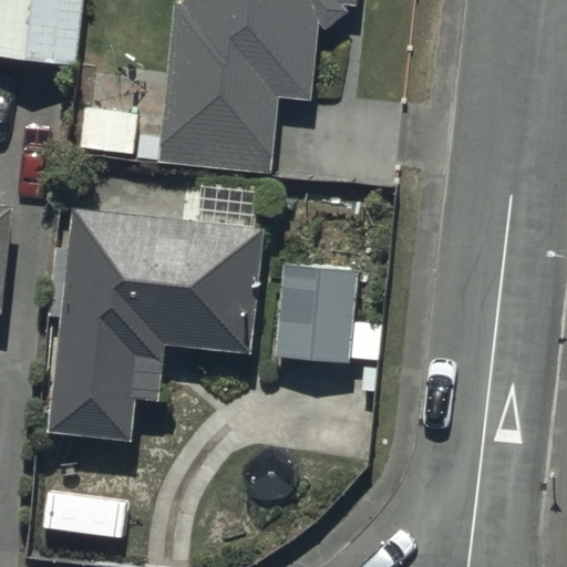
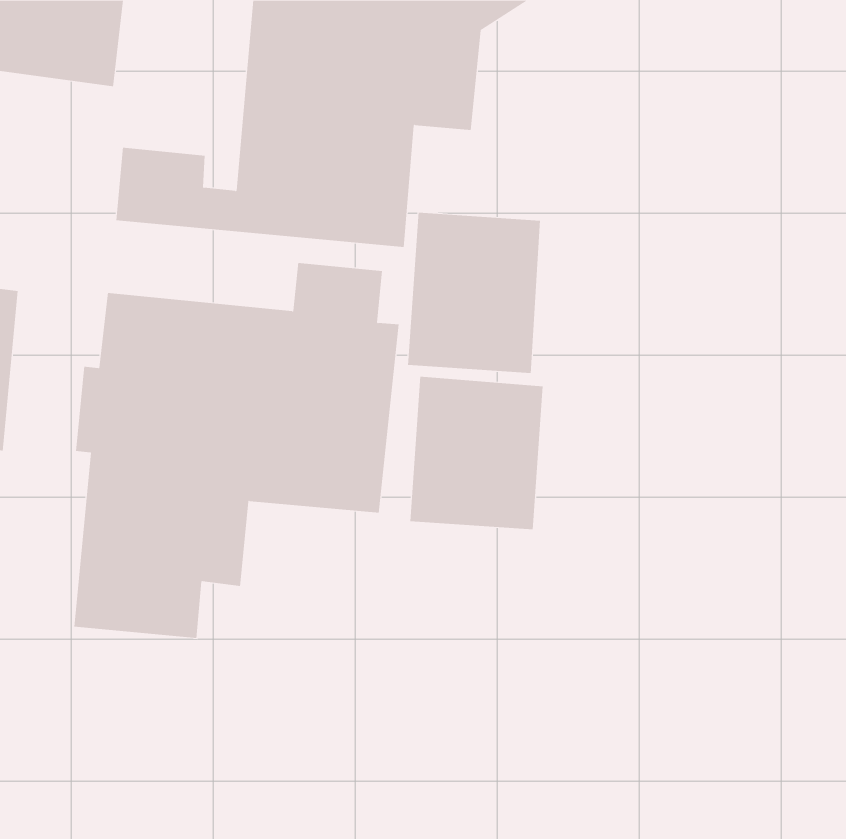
building: none -> [408,212,540,374]

